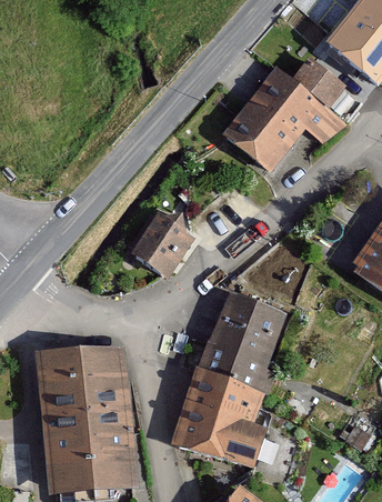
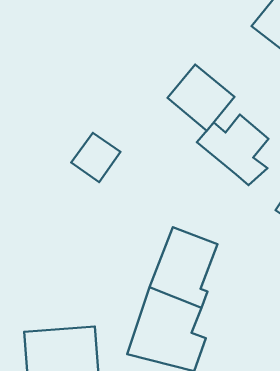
building: [255,54,344,142] -> [197,115,268,185]
building: [133,214,194,275] -> [71,133,121,182]
building: [39,343,131,421] -> none

